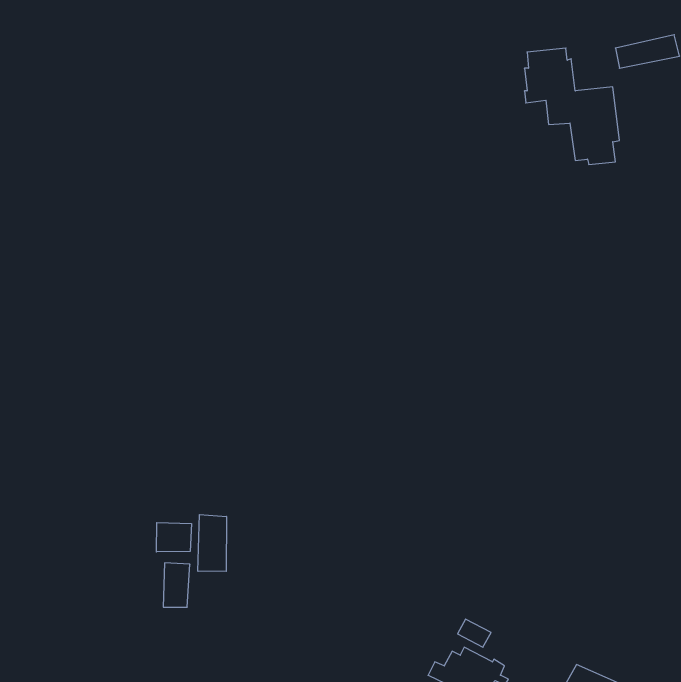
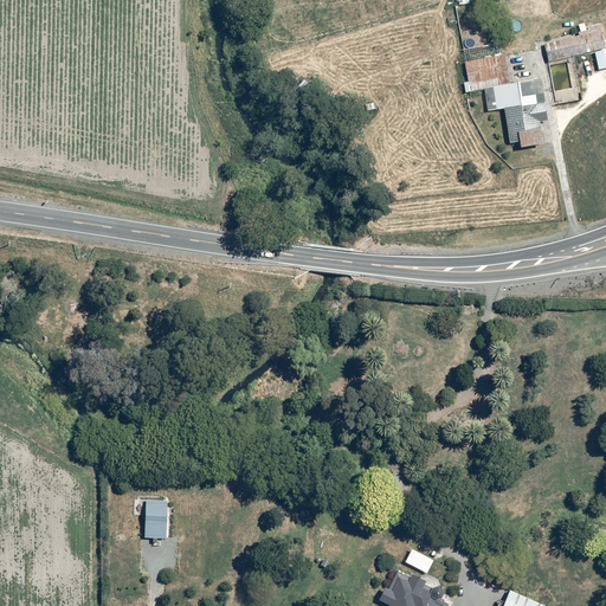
building: [198,515,226,571] -> none
building: [156,523,191,552] -> none

